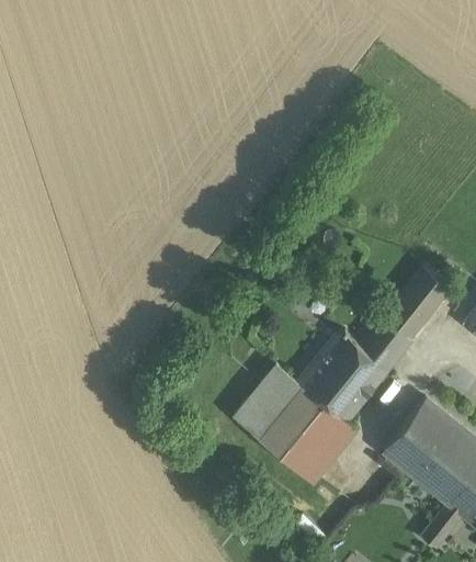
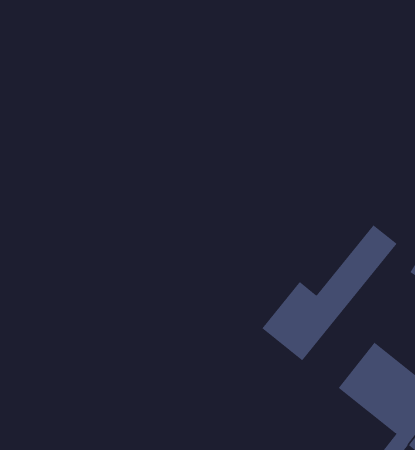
building: [233,366,355,483] -> none

